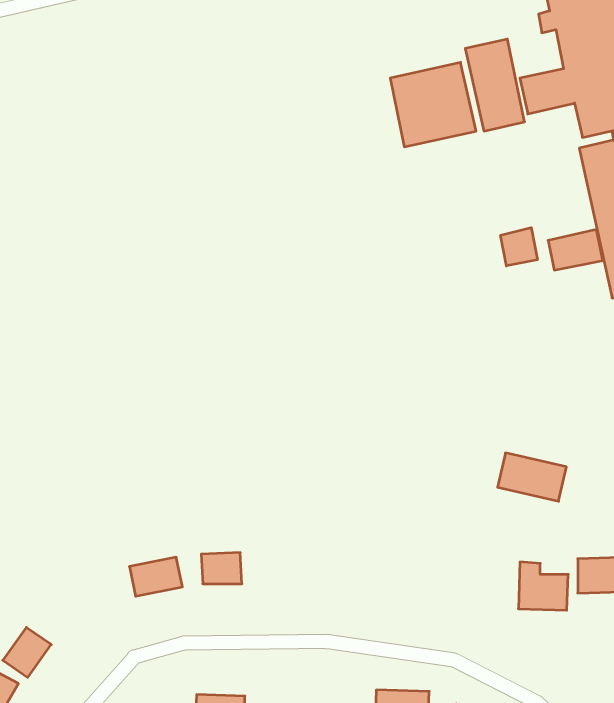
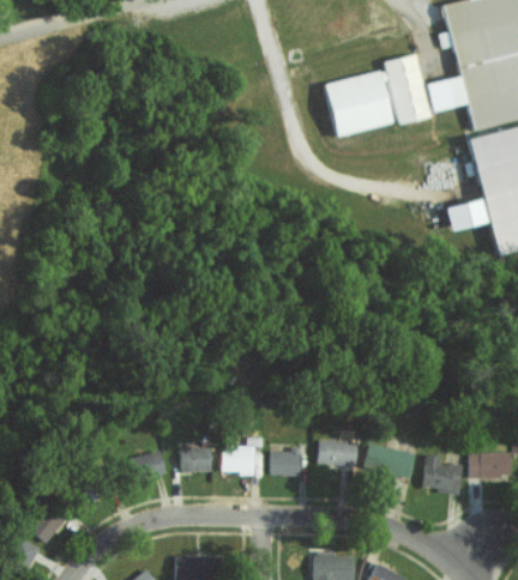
building: [501,228,537,266] -> none
building: [498,453,566,501] -> [362,442,415,479]
building: none -> [221,436,261,471]
building: none -> [317,440,356,465]
building: none -> [270,449,300,476]

